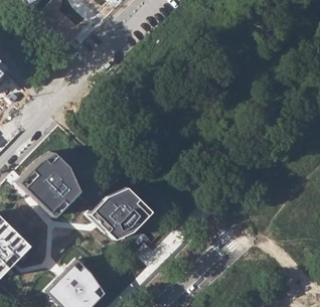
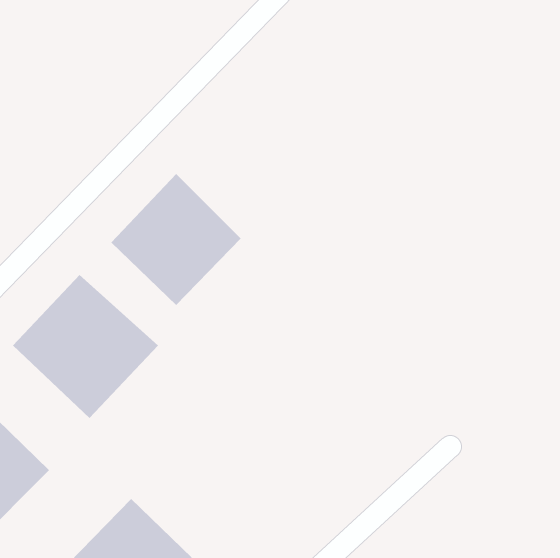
building: [86,178,152,246] -> [111,173,241,306]

